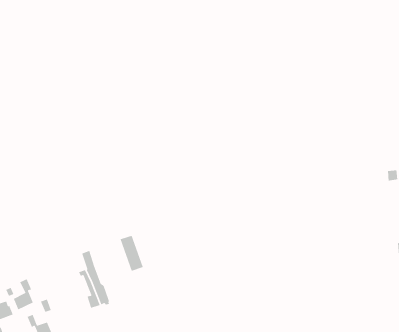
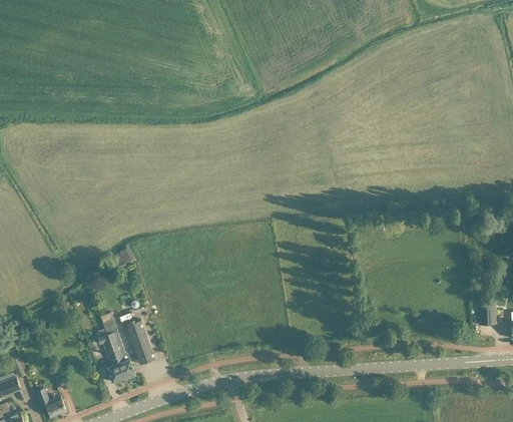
building: [119,235,144,272] -> [125,319,154,363]
building: [13,278,34,310] -> none

